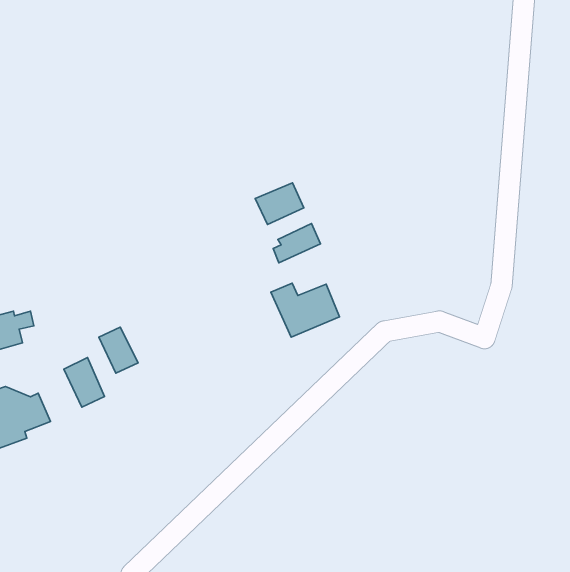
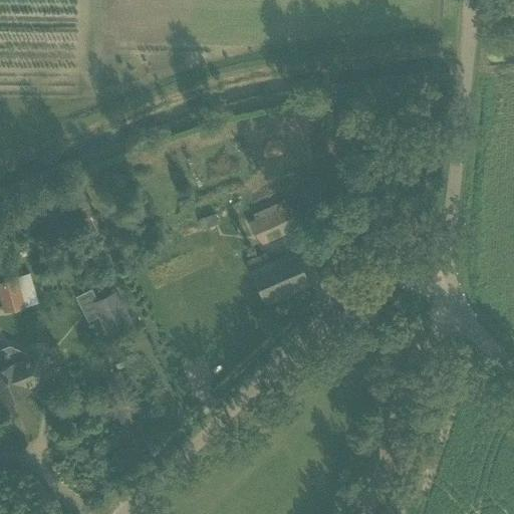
building: [255,183,304,224] -> none
building: [64,357,105,407] -> none

